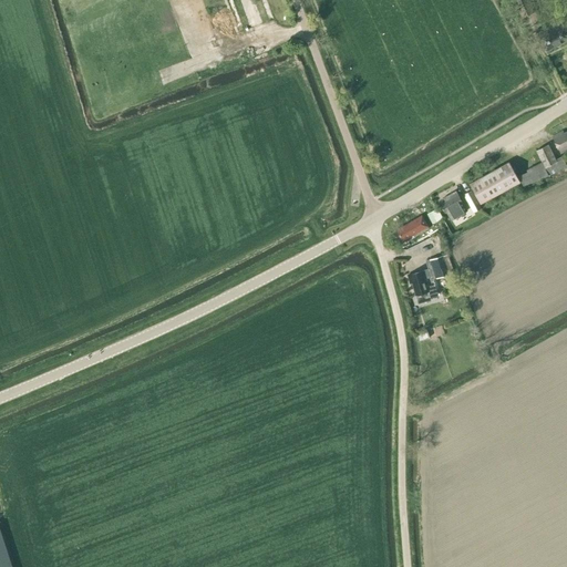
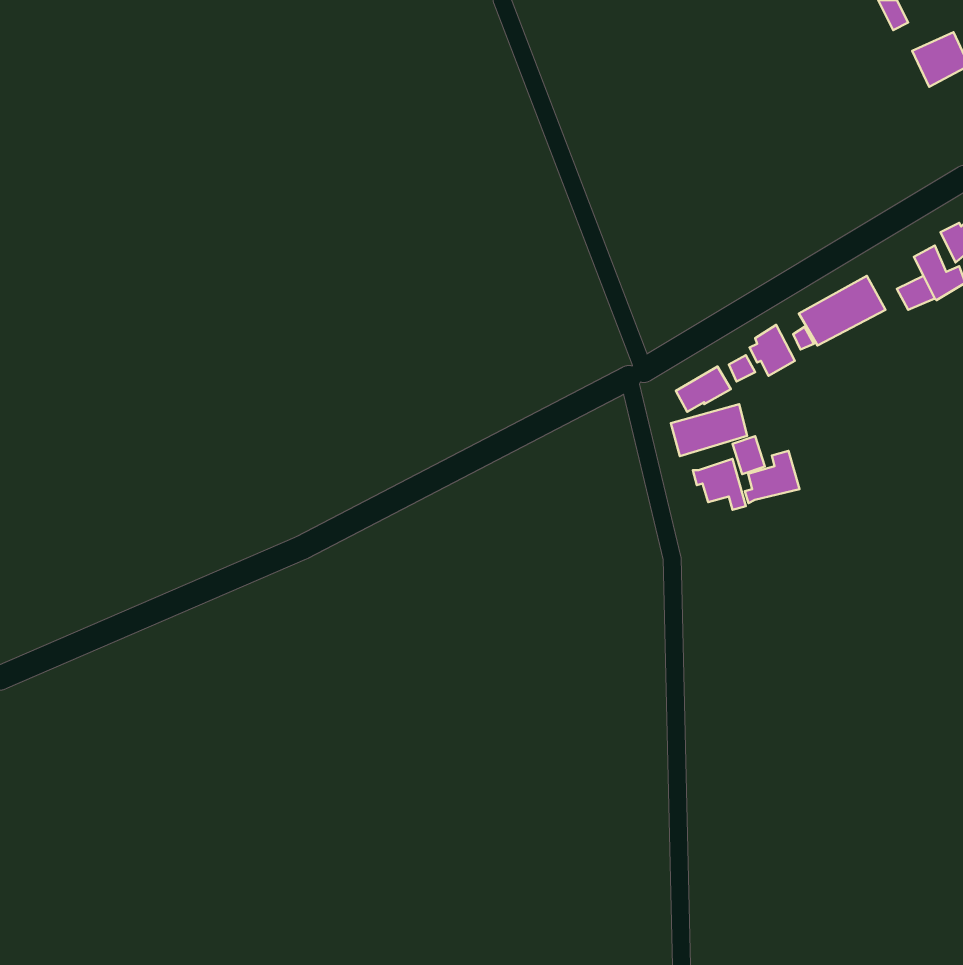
building: none -> [671,404,747,456]
building: none -> [745,451,799,503]

